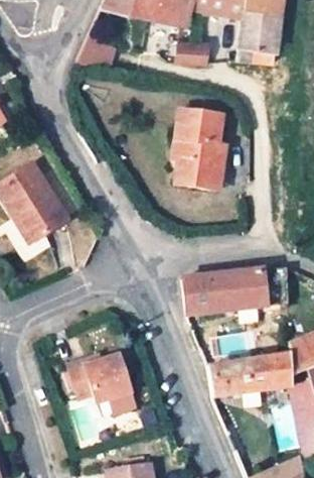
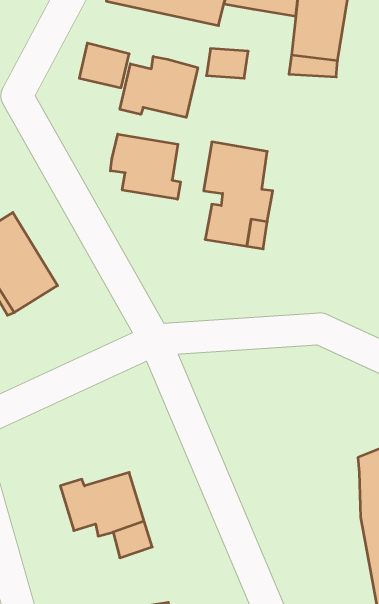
building: none -> [120,56,198,117]
building: none -> [110,134,181,199]
building: [181,267,287,316] -> none
building: [208,355,291,398] -> none

